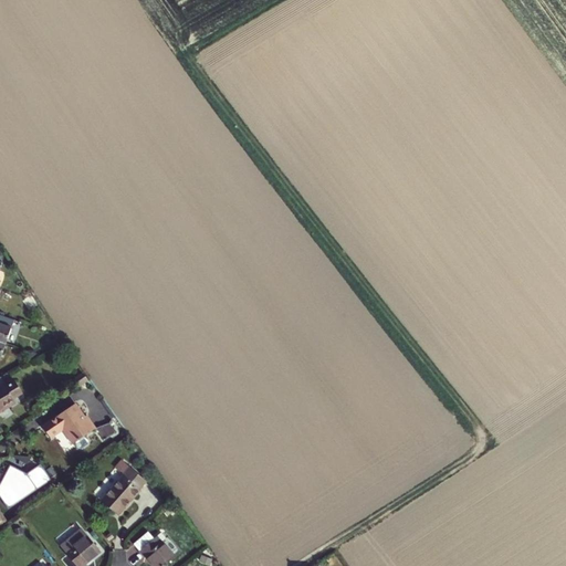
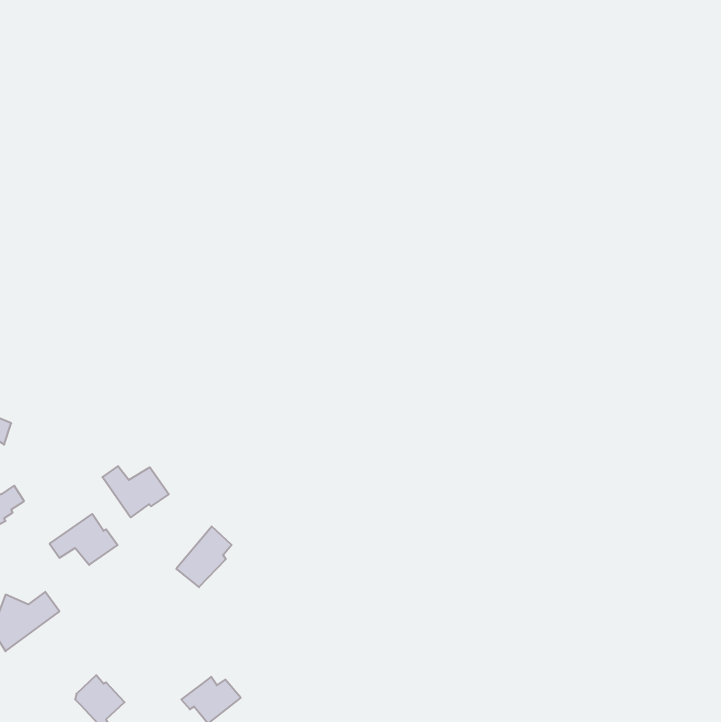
building: none -> [102,466,169,517]
building: [99,467,143,514] -> [176,526,232,587]

